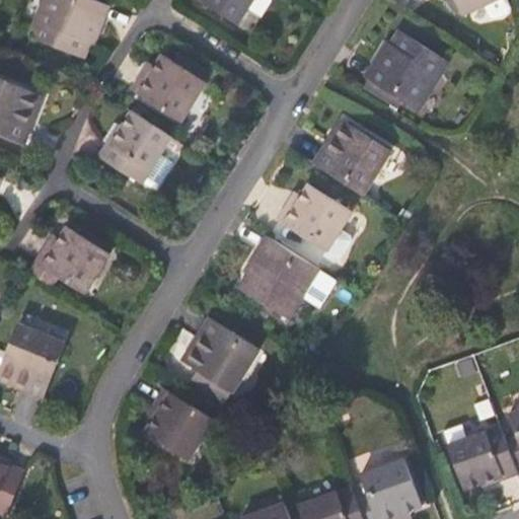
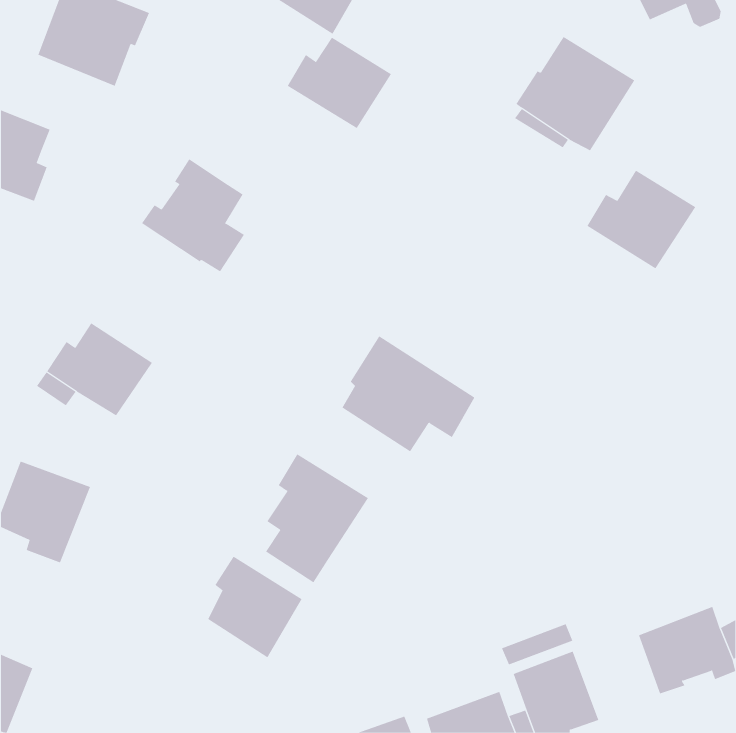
building: [131,55,205,120] -> [287,37,392,129]
building: [313,123,390,193] -> [587,170,696,269]
building: [277,184,351,262] -> none

